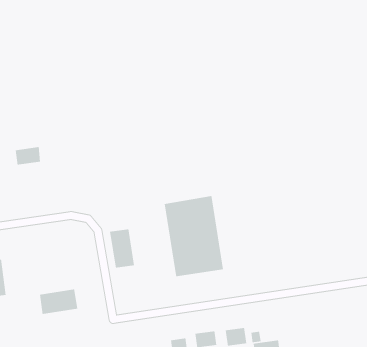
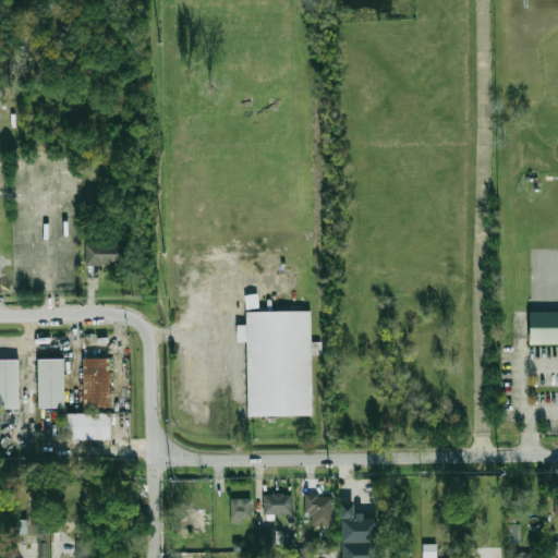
building: [15,147,41,165] -> [85,244,119,265]
building: [109,229,135,268] -> [82,357,110,408]
building: none -> [38,359,65,409]

